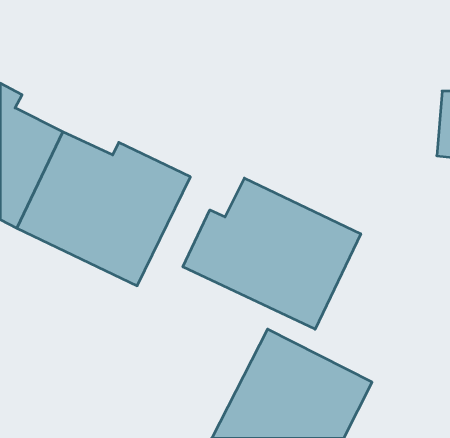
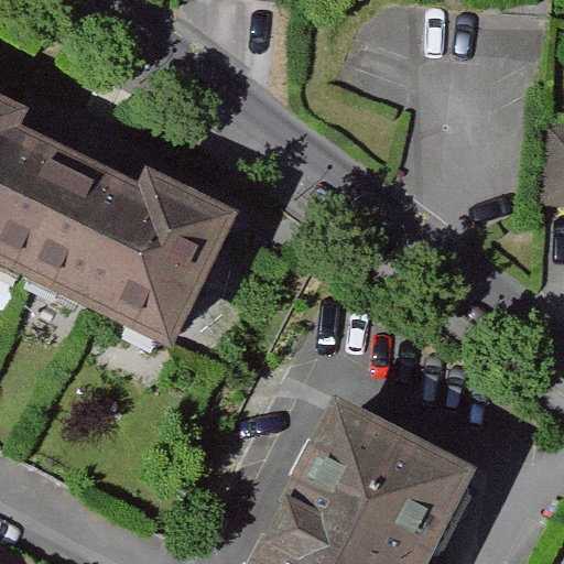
building: [183,178,361,329] -> none

